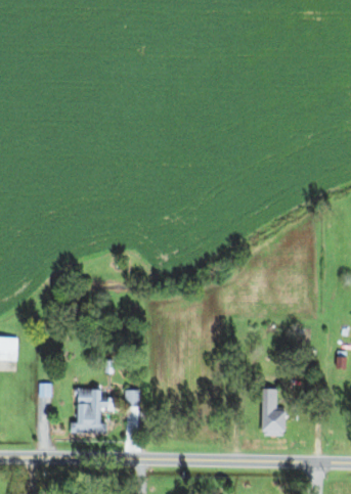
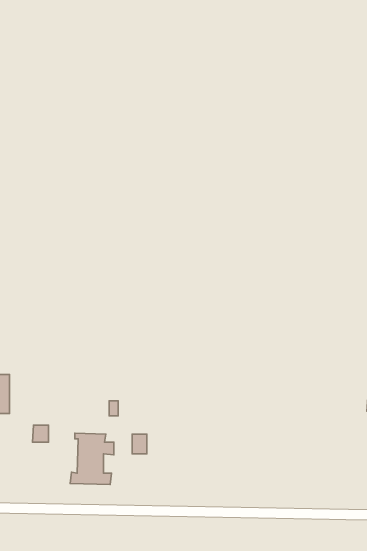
building: [261,387,286,435] -> none

